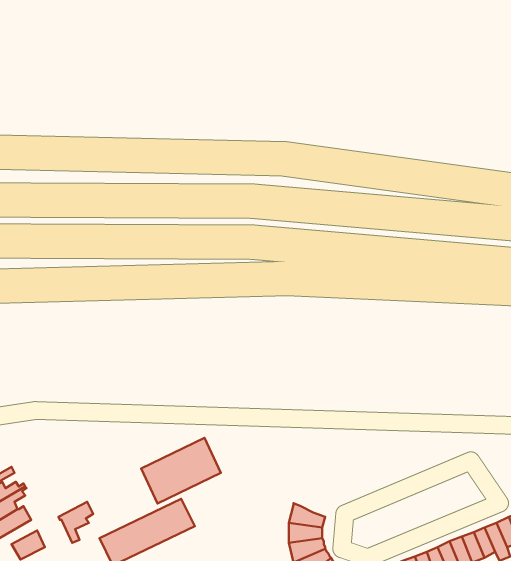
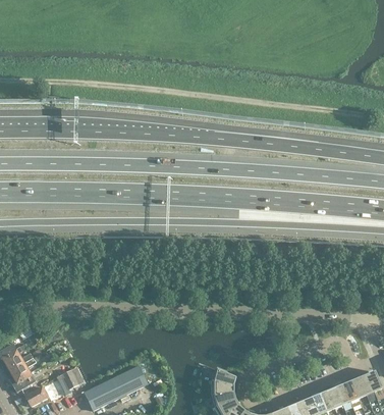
building: [141,438,221,503] -> none

